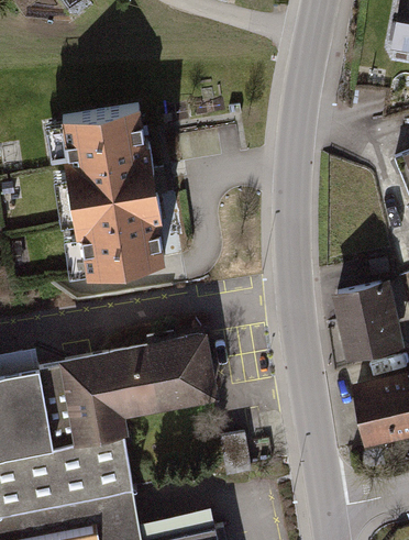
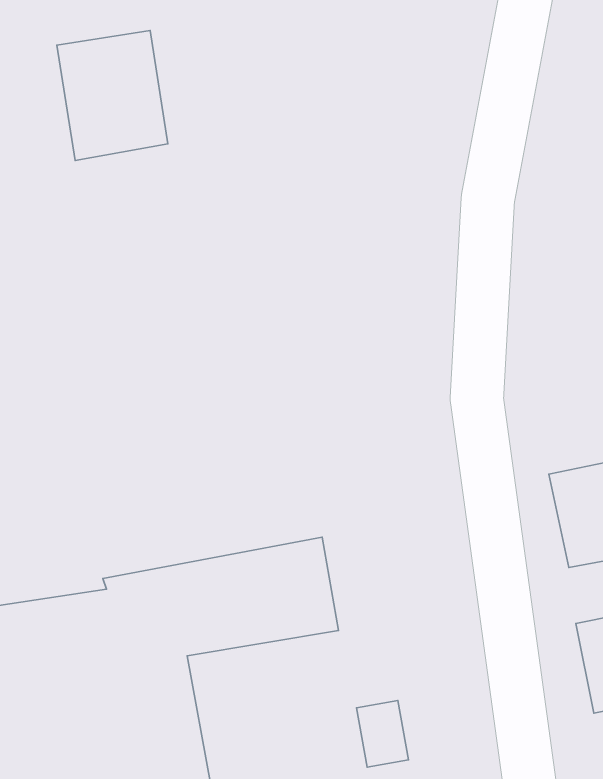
building: none -> [57,30,168,161]
building: [66,110,164,273] -> none

